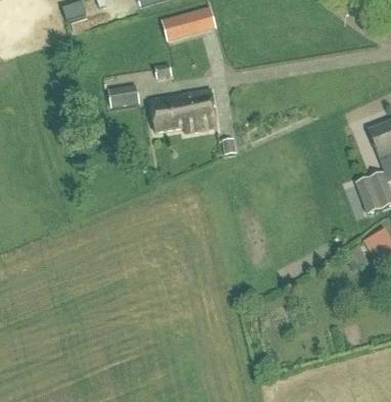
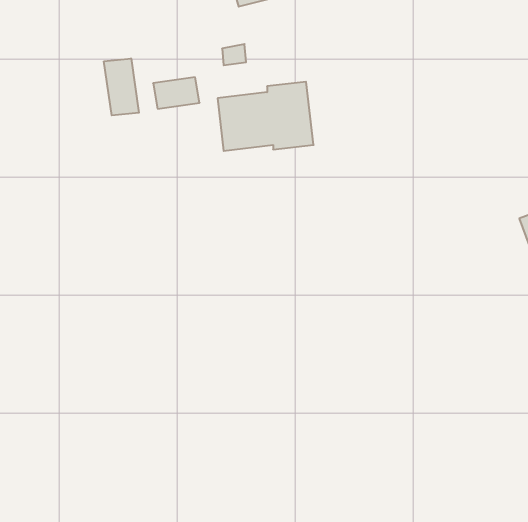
building: none -> [104,58,139,115]

